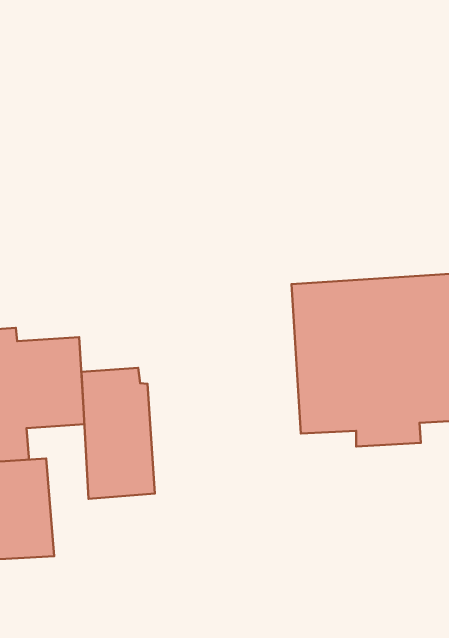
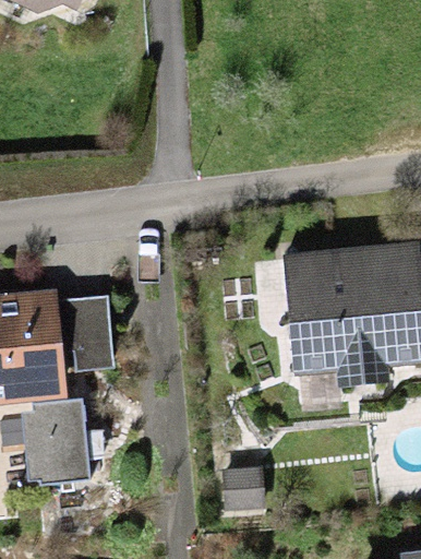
building: [82,368,155,499] -> none

